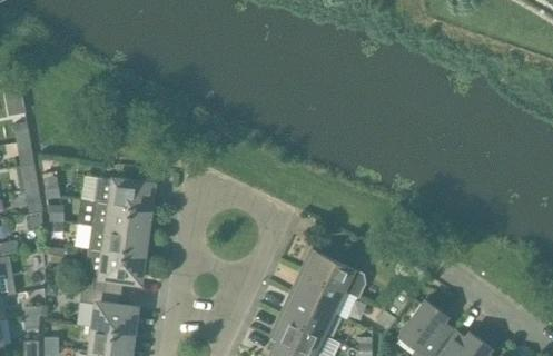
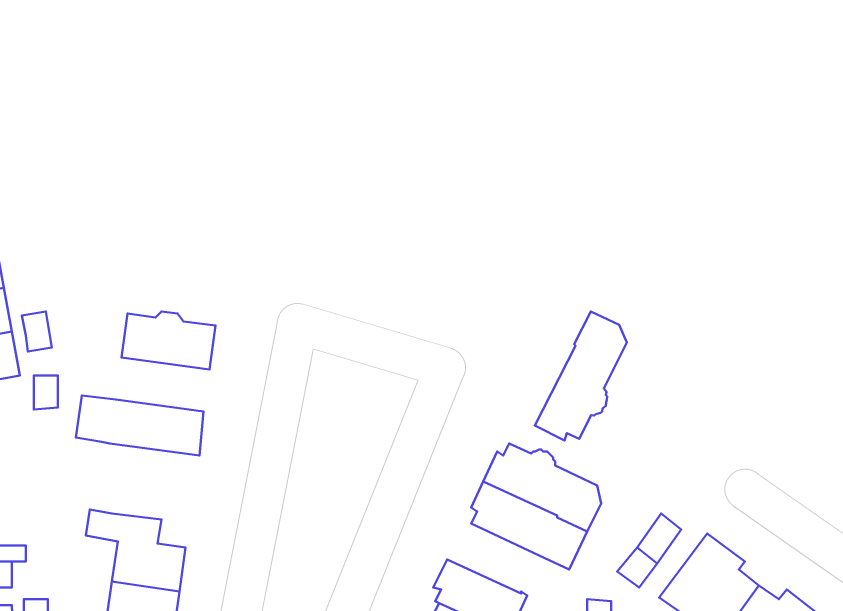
building: none -> [535,311,627,441]
building: [96,202,148,233] -> none
building: [89,250,142,293] -> none
building: [280,295,332,334] -> none

